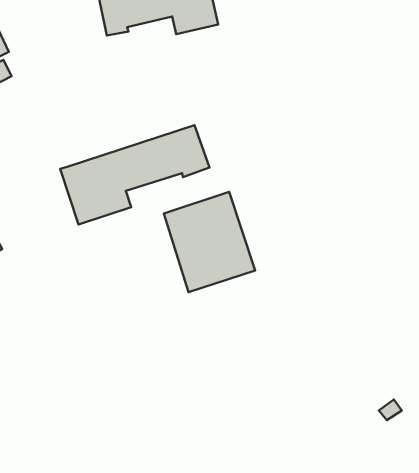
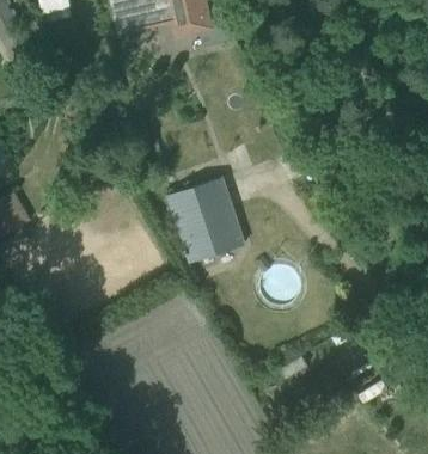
building: [60,125,210,225] -> none

